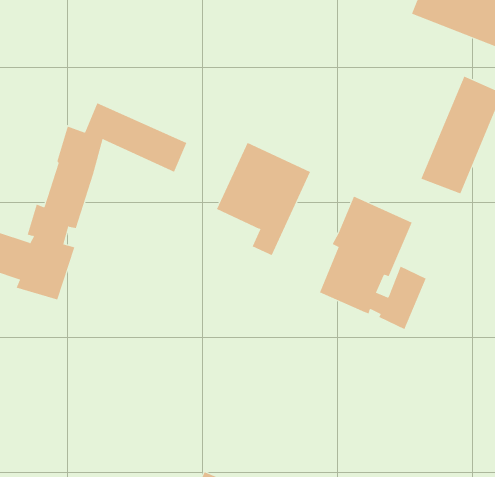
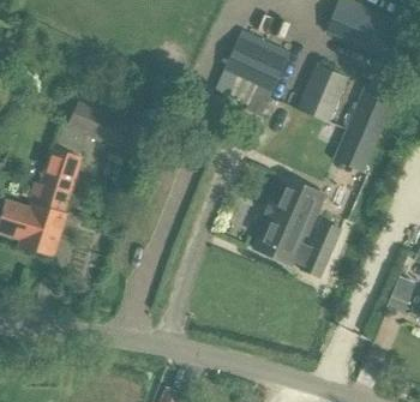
building: none -> [296,64,349,122]
building: [216,142,311,256] -> [218,30,292,118]

